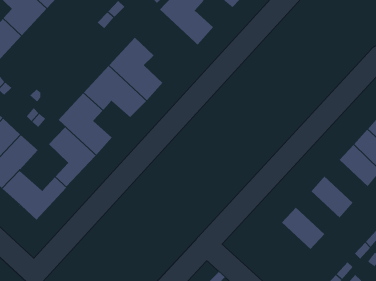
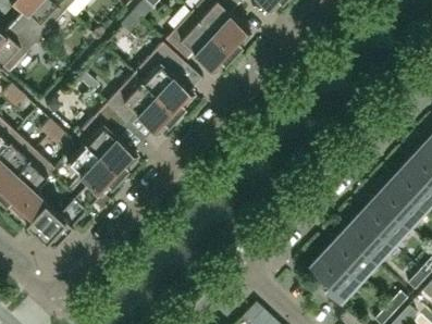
building: none -> [164,13,234,73]
building: none -> [373,180,422,228]
building: none -> [342,215,391,263]
building: none -> [309,250,358,301]

